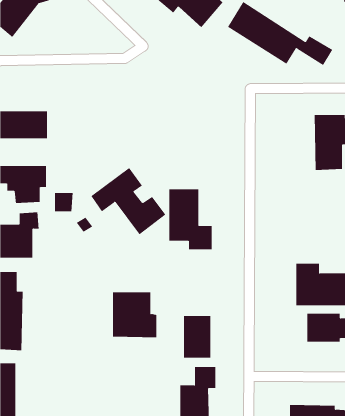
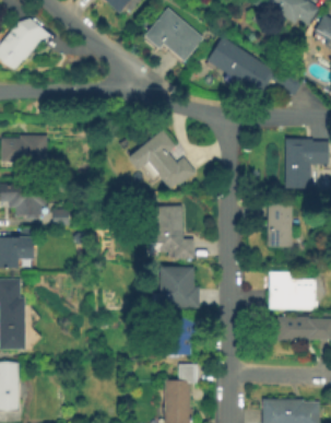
building: [90,167,166,235] -> [127,130,194,191]
building: none -> [265,203,291,248]
building: [112,292,157,338] -> [158,267,199,308]

